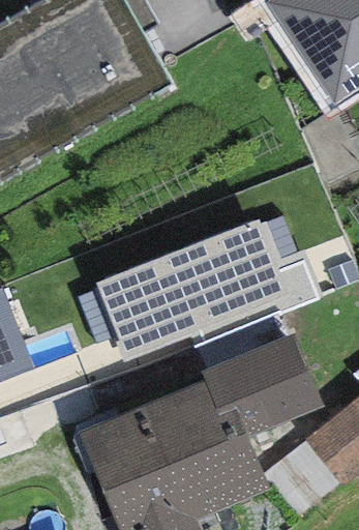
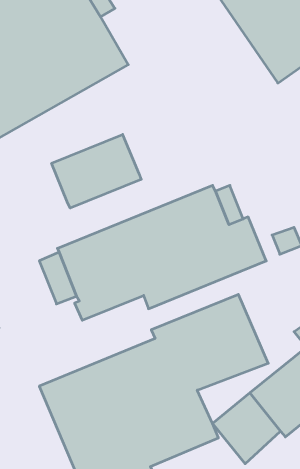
building: none -> [52,134,141,208]

